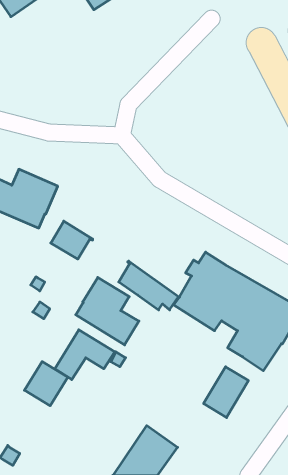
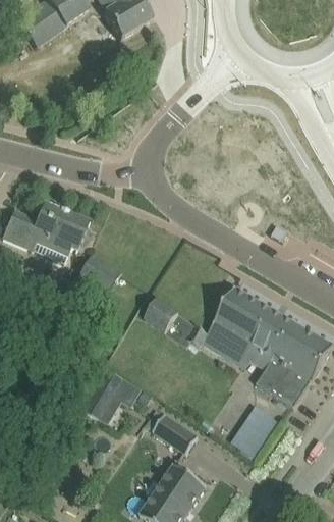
building: [76,277,139,345] -> none
building: [24,362,68,406] -> none
building: none -> [153,412,197,452]

